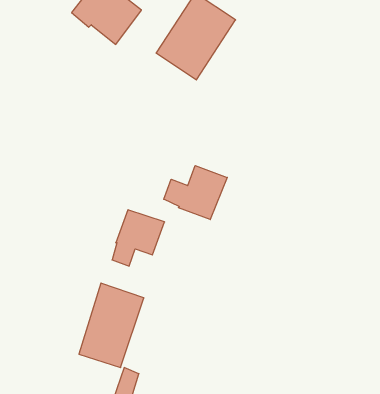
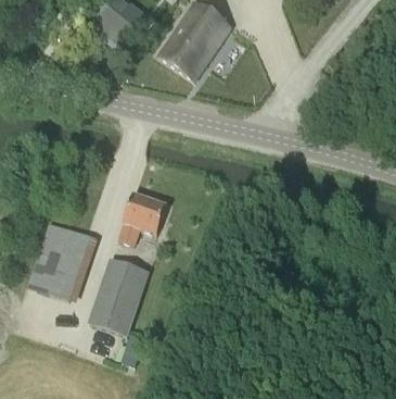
building: [164,166,227,220] -> none
building: none -> [29,220,94,297]

